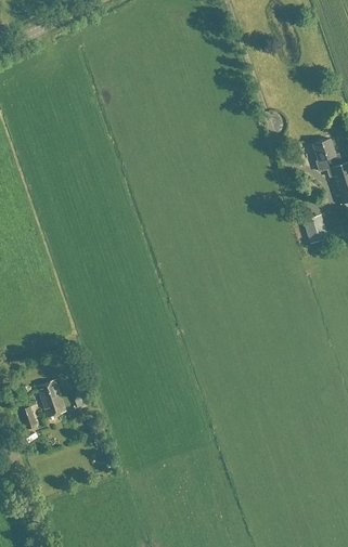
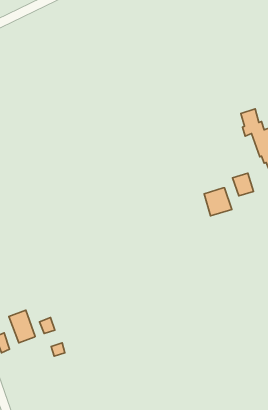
building: none -> [204,188,232,216]

